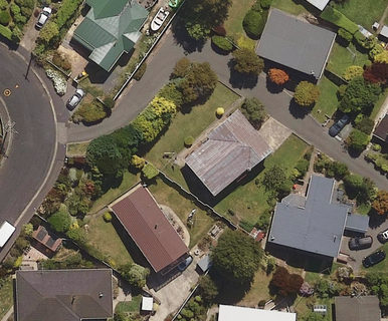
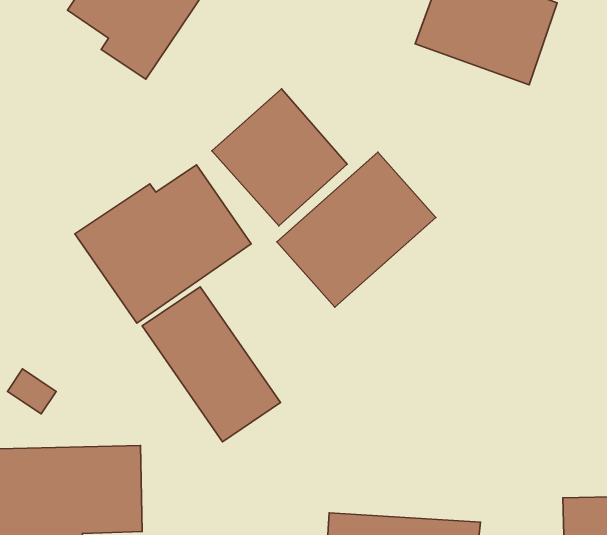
building: none -> [212,89,347,226]
building: none -> [75,165,251,323]
building: [269,176,347,256] -> none

